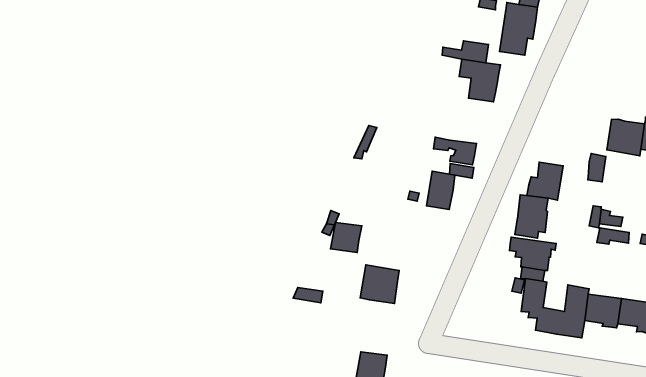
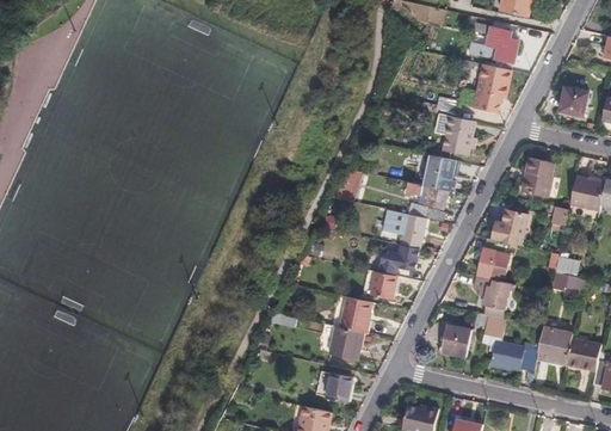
building: none -> [557,90,586,117]
building: none -> [520,156,550,196]
building: none -> [424,154,456,191]
building: none -> [385,244,419,271]
building: [331,222,362,253] -> [371,271,401,300]
building: none -> [436,325,470,358]
building: none -> [335,326,370,358]

